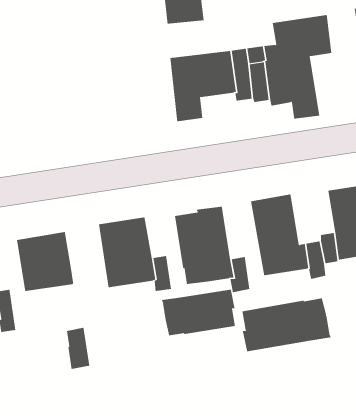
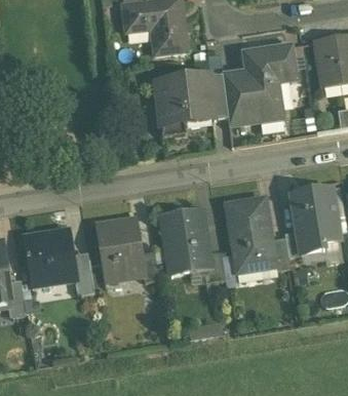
building: [161,289,235,336] -> none
building: [242,297,331,352] -> none
building: [66,327,90,369] -> [73,258,93,293]

